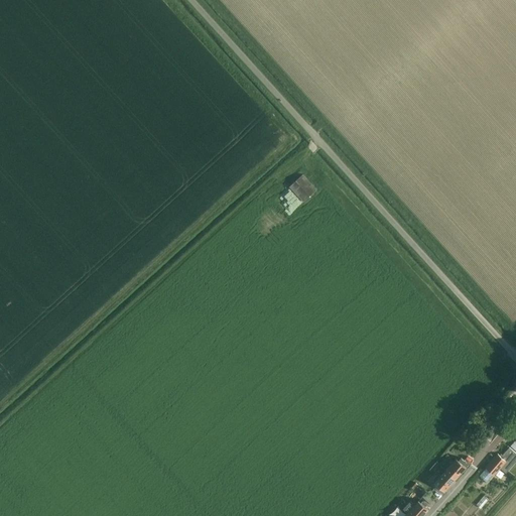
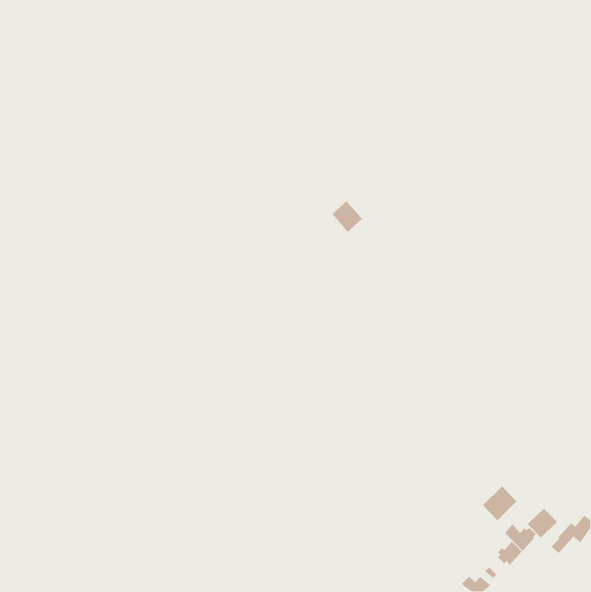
building: none -> [482,485,517,521]
building: none -> [527,508,558,538]

